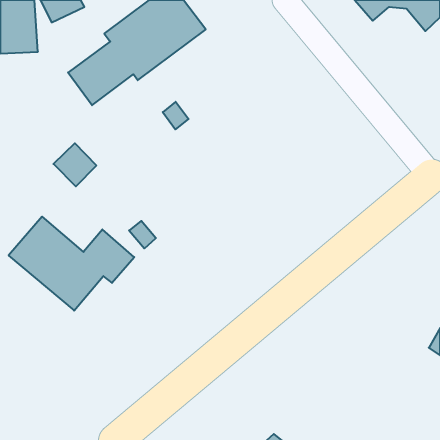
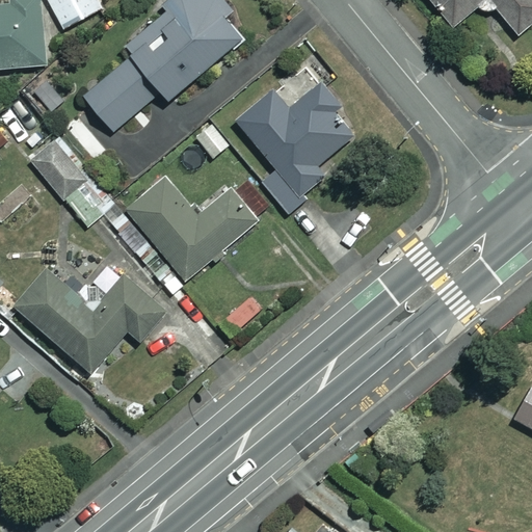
building: none -> [237,81,351,212]
building: none -> [30,137,90,198]
building: none -> [130,176,257,277]

